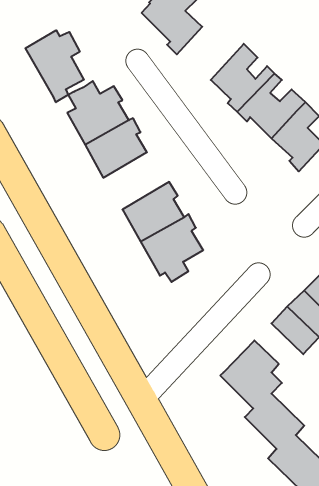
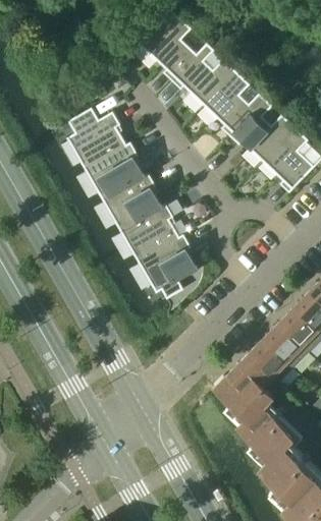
building: none -> [172,45,236,107]
building: [25,30,84,102] -> none
building: none -> [102,174,161,231]
building: none -> [247,340,293,386]

